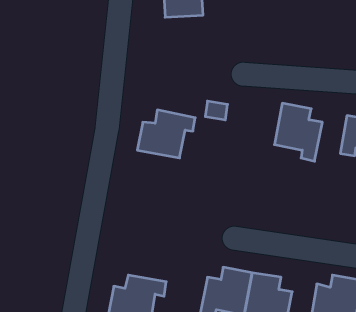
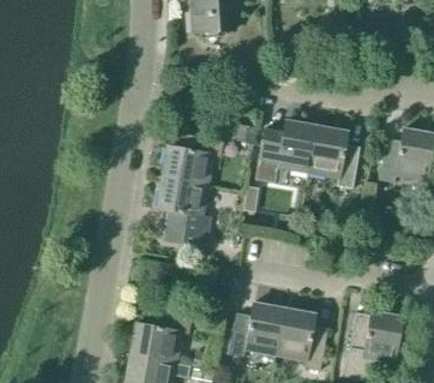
building: none -> [255,119,317,181]
building: none -> [156,175,210,246]

